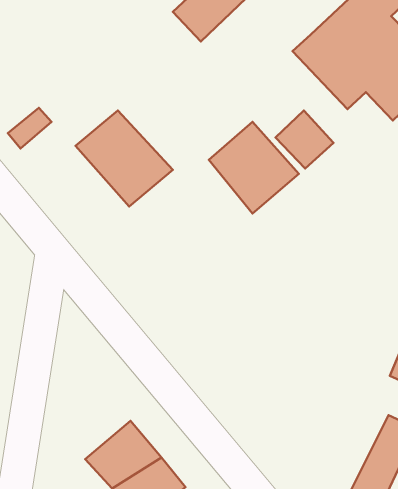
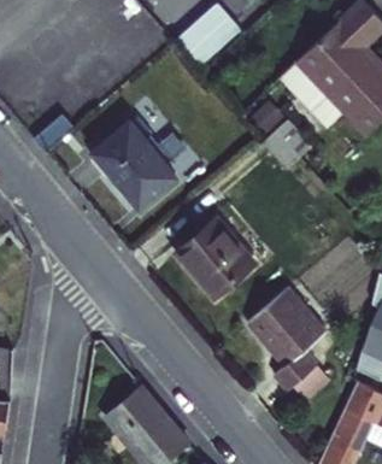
building: [209,122,299,213] -> [181,219,258,298]
building: none -> [248,293,325,397]

